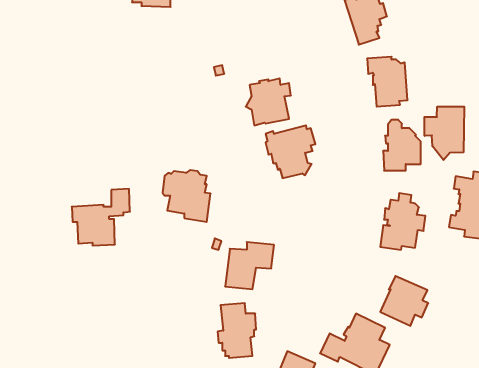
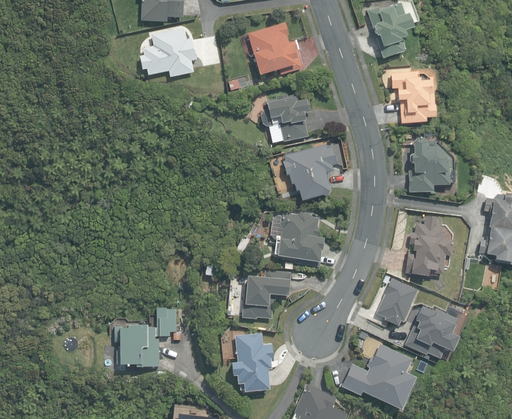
building: none -> [248,23,303,75]
building: none -> [140,28,198,77]
building: [424,107,464,160] -> none
building: [163,170,211,222] -> [273,212,324,267]
building: [72,189,130,245] -> [115,307,177,367]
building: none -> [375,276,418,323]

